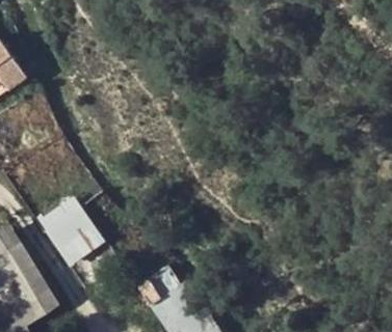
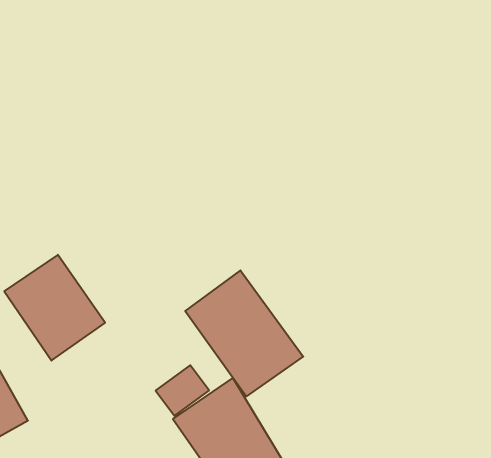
building: none -> [185,270,303,396]

